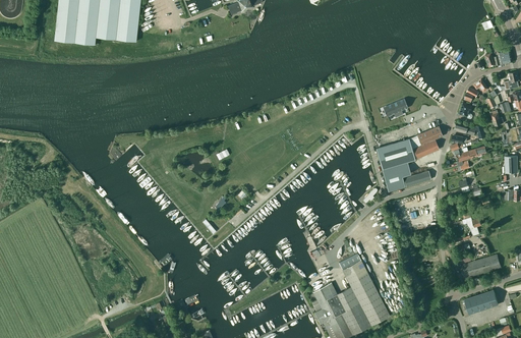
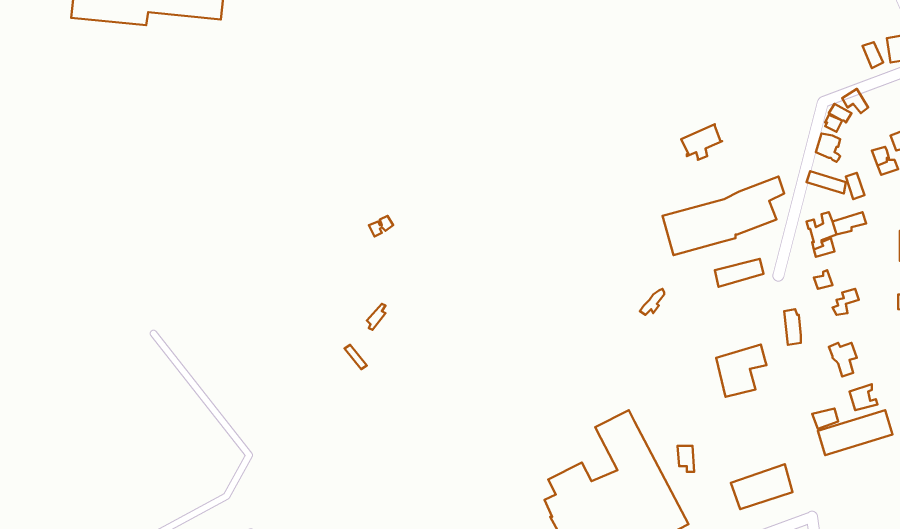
building: [383,163,410,191] -> [716,345,767,397]
building: [464,290,498,315] -> [731,464,792,509]

